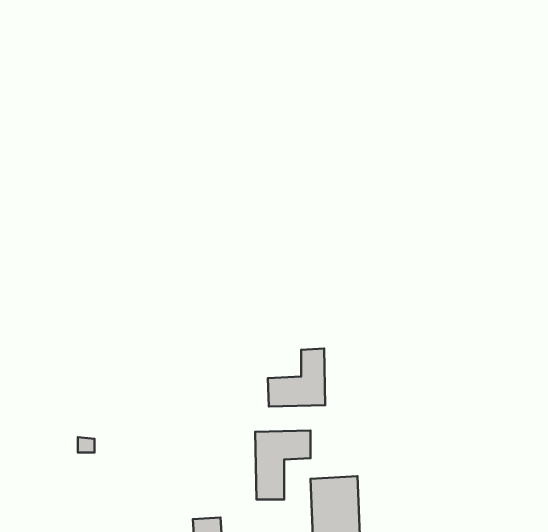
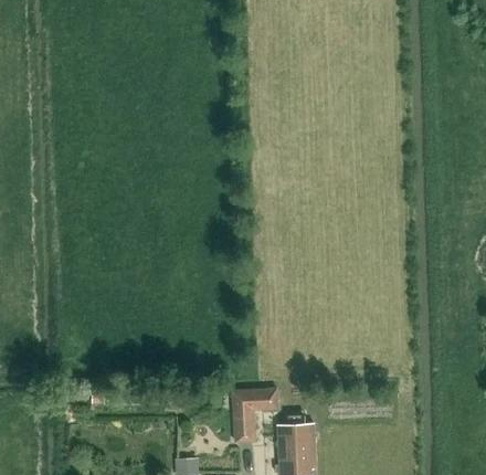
building: [268,349,325,406] -> none

